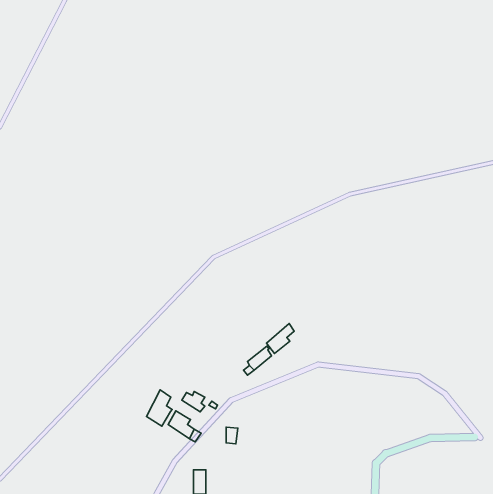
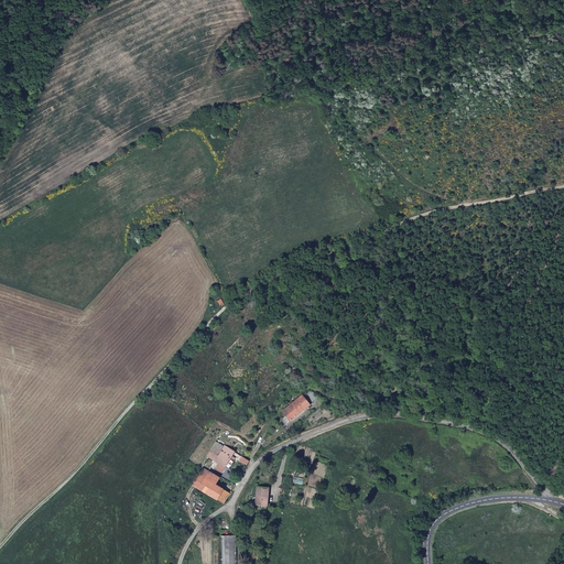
building: [266,323,294,354] -> none
building: [146,390,172,426] -> none

